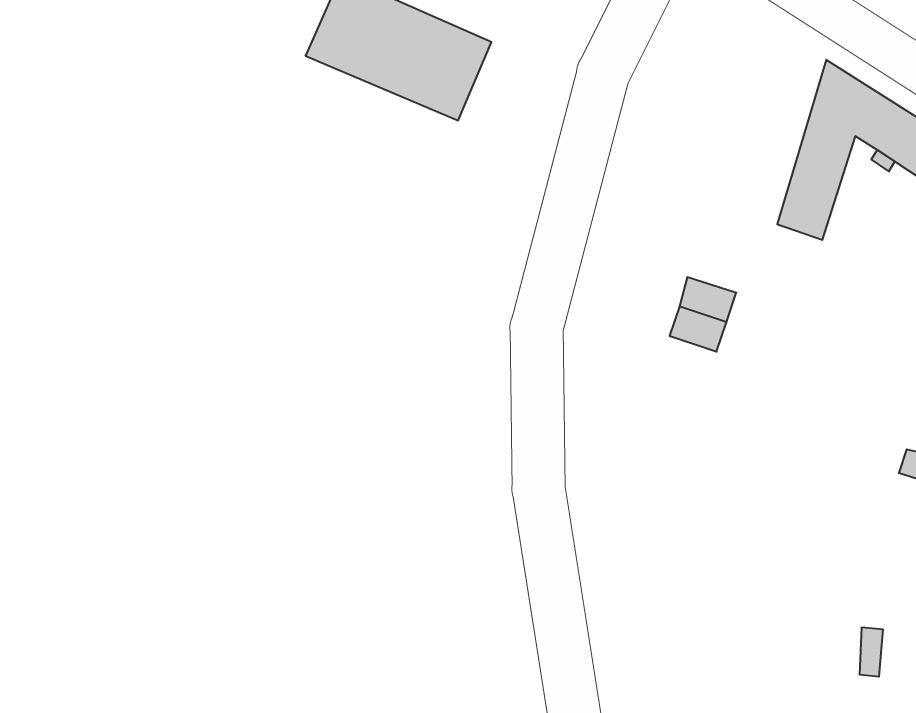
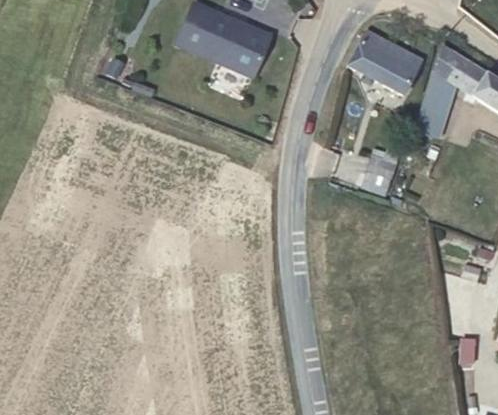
building: none -> [349,30,423,94]

